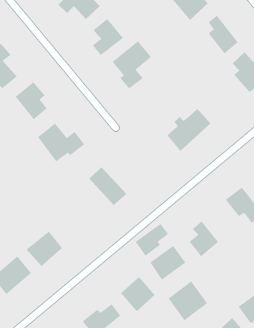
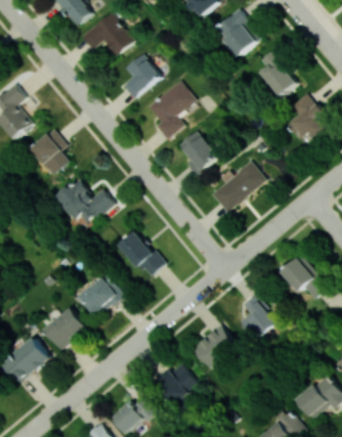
building: none -> [179,131,224,176]
building: none -> [80,275,124,318]
building: [135,223,169,257] -> none
building: [168,281,208,321] -> none

